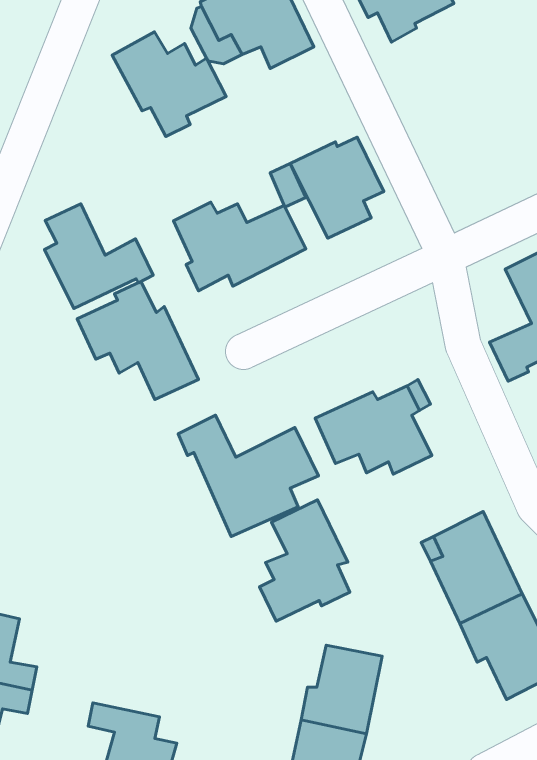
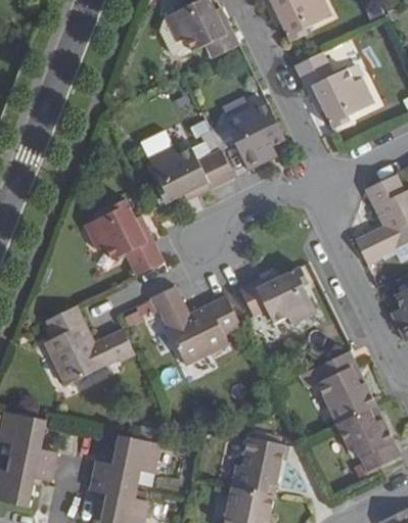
building: [112,32,226,136] -> none
building: none -> [294,51,375,129]
building: [44,204,153,309] -> none
building: none -> [43,305,135,385]
building: [259,500,350,621] -> none
building: none -> [94,434,161,484]

